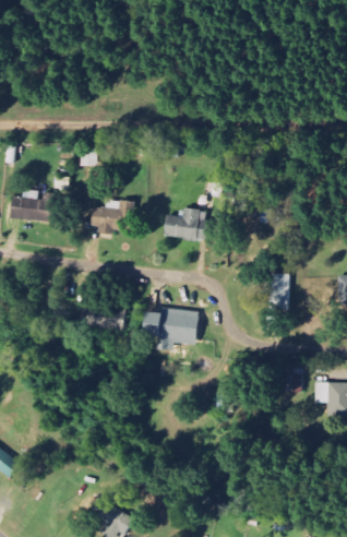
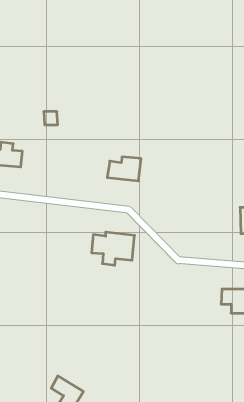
building: [89,200,125,234] -> none
building: [267,274,289,309] -> none
building: [79,305,124,331] -> none

